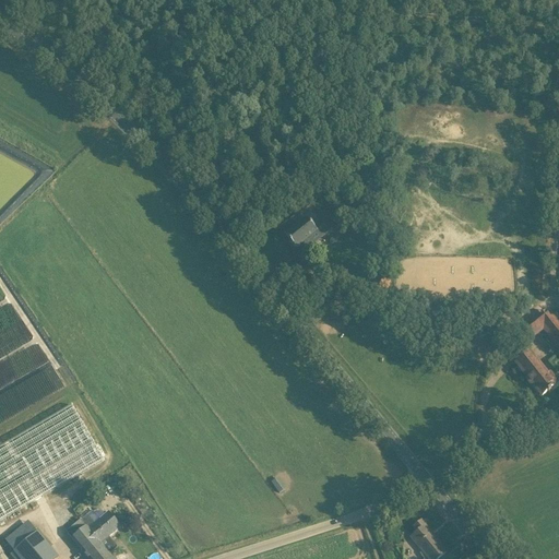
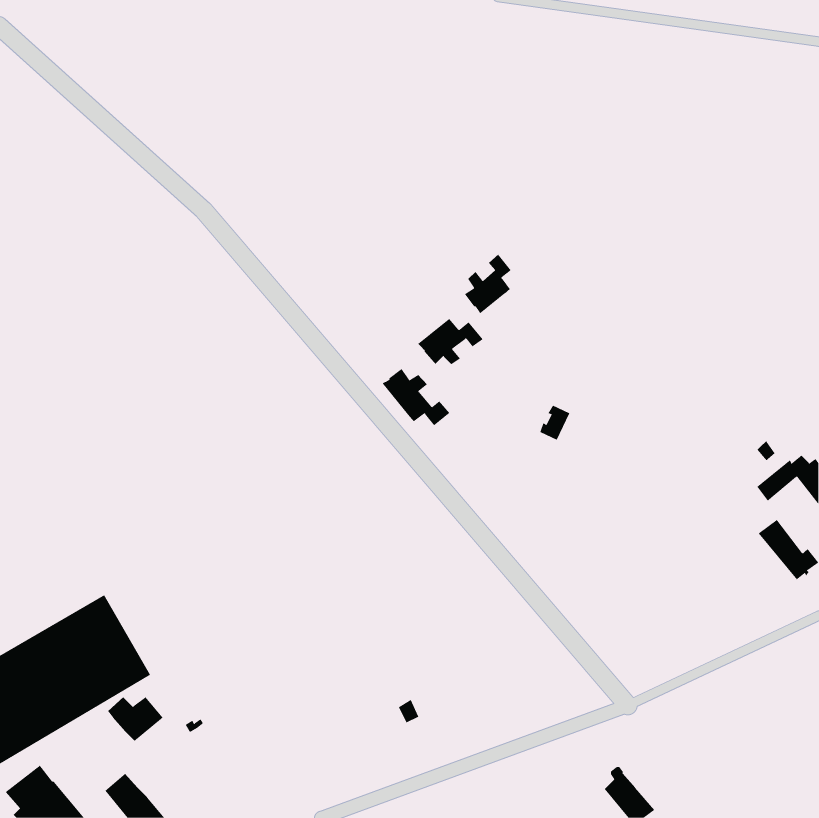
building: none -> [464,254,512,314]
building: none -> [382,368,450,426]
building: [82,511,120,542] -> [107,697,163,742]

